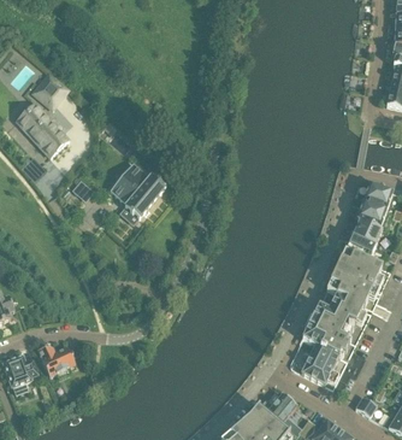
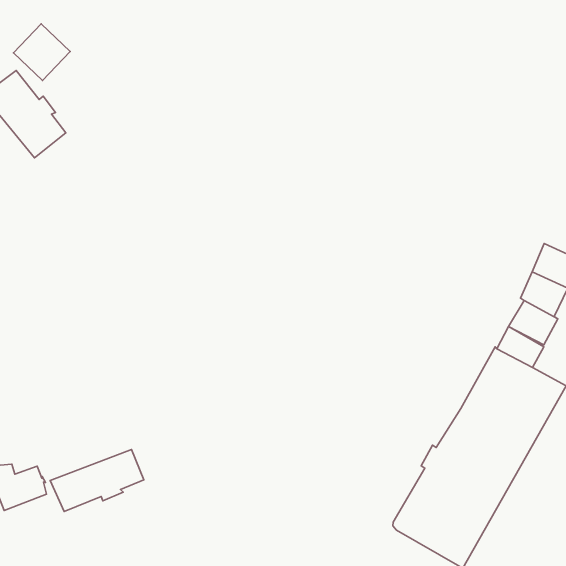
building: [110,163,165,217] -> none
building: none -> [50,449,144,511]

